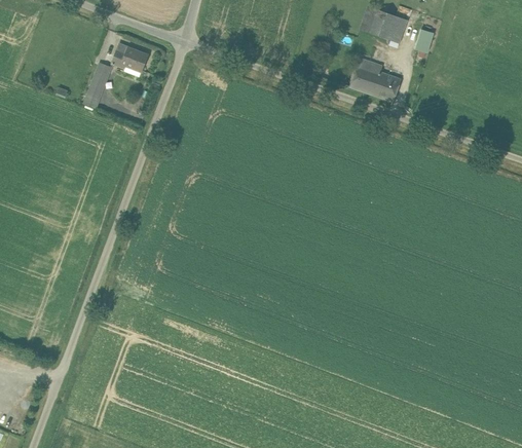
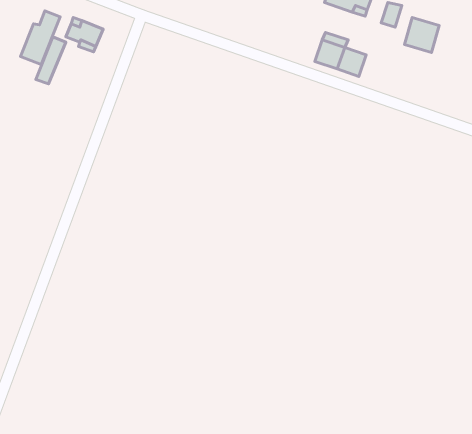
building: none -> [20,11,60,65]
building: none -> [405,17,439,53]

